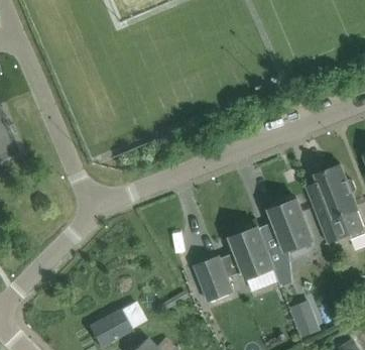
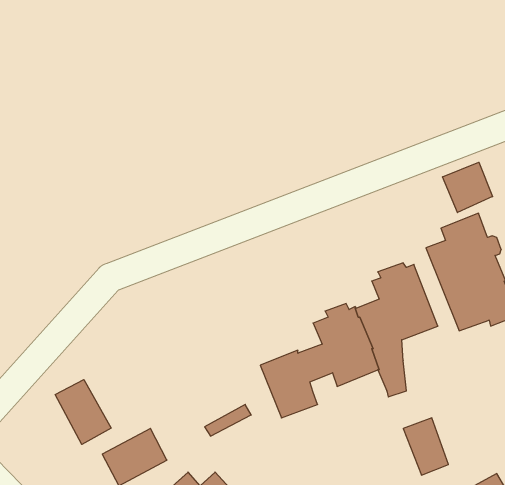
building: none -> [443,162,493,213]
building: none -> [55,380,111,444]

